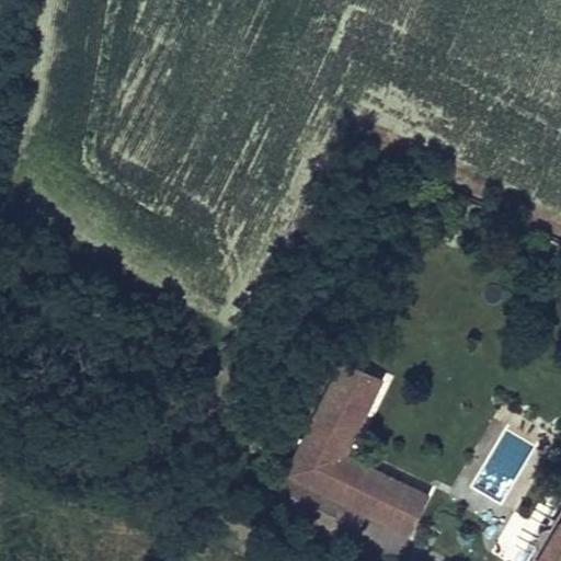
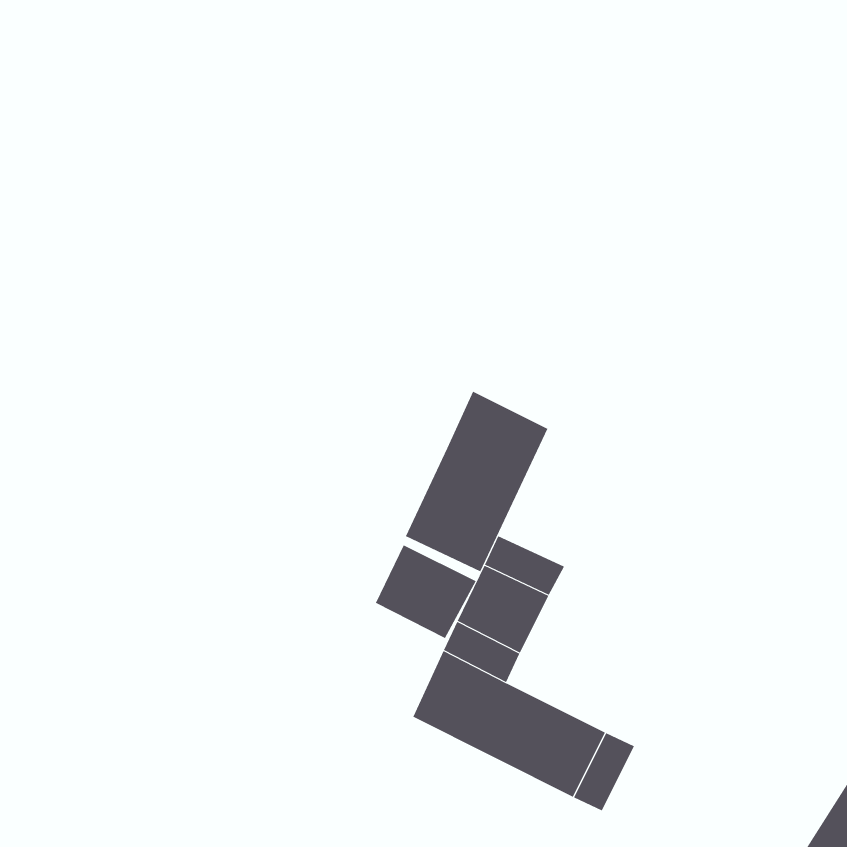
building: none -> [405,391,548,572]
building: none -> [375,544,476,639]

